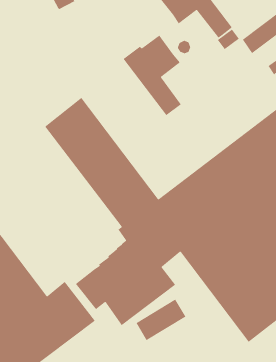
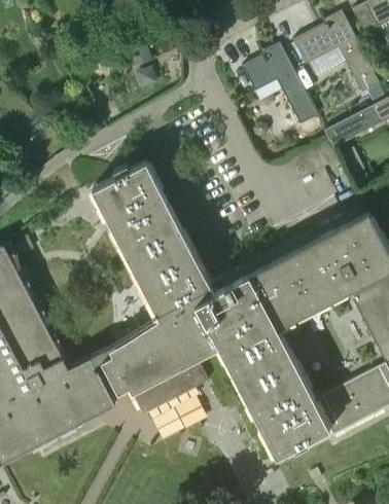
building: [122,34,182,116] -> none

